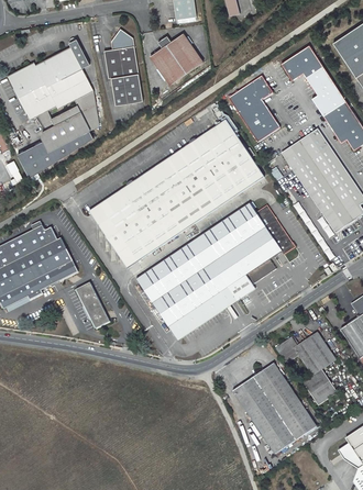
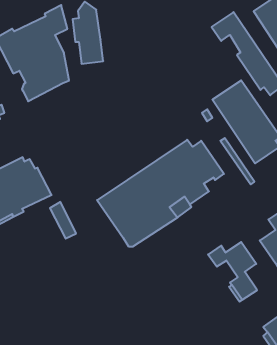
building: [148,34,199,85] -> none
building: [228,74,279,142] -> none
building: [89,120,264,267] -> none
building: [18,132,96,179] -> none
building: [232,364,315,453] -> none

